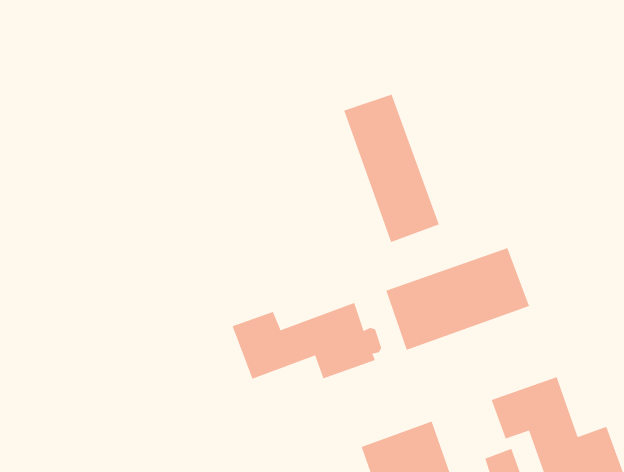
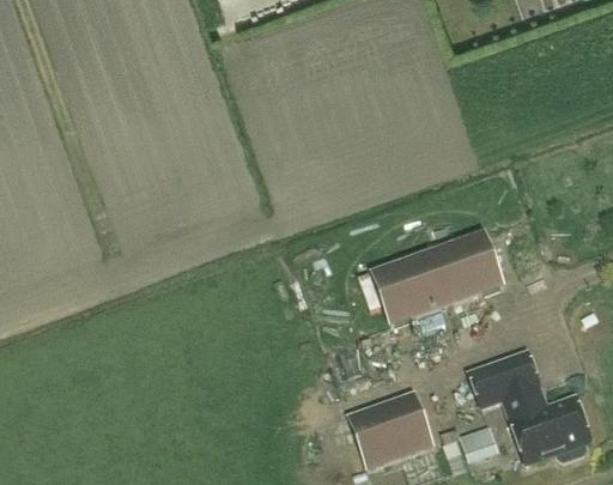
building: [343,94,439,243] -> none
building: [232,302,382,379] -> none

